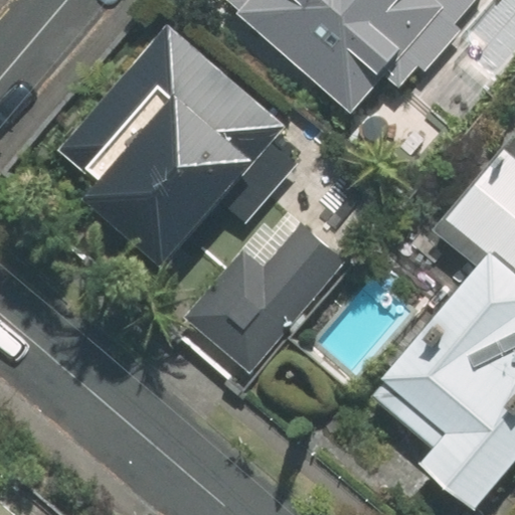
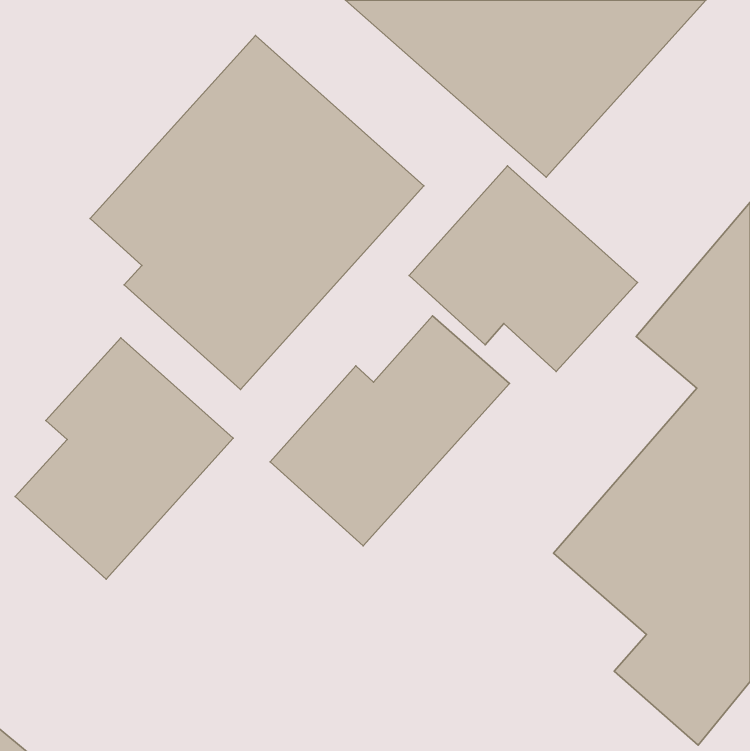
building: none -> [409,166,637,372]
building: none -> [15,338,233,579]

